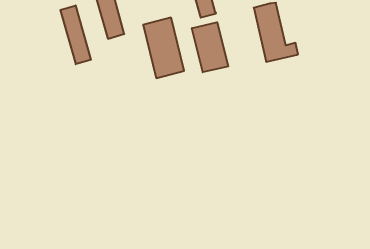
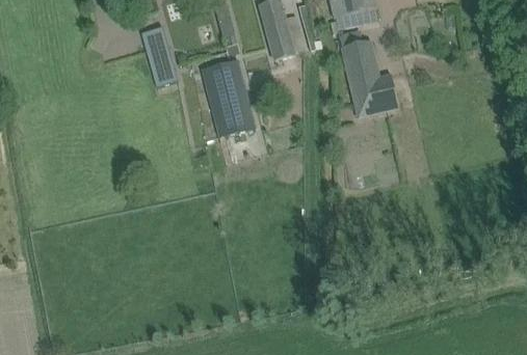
building: [60,5,91,64] -> none
building: [192,22,228,72] -> none

